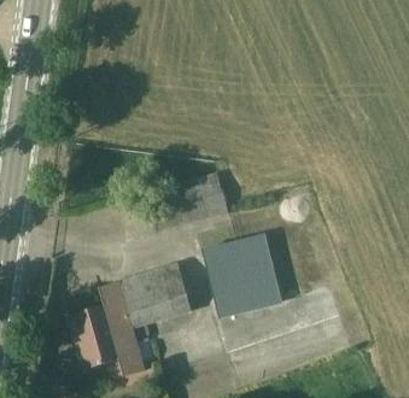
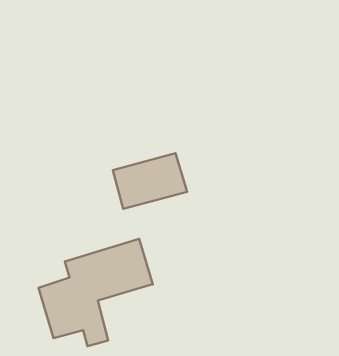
building: [201,234,282,316] -> none

